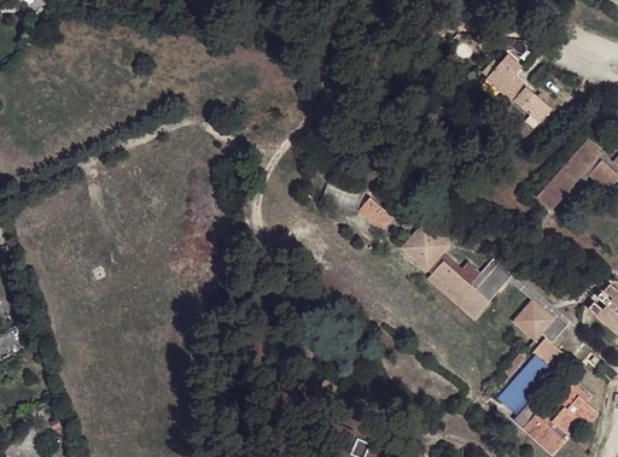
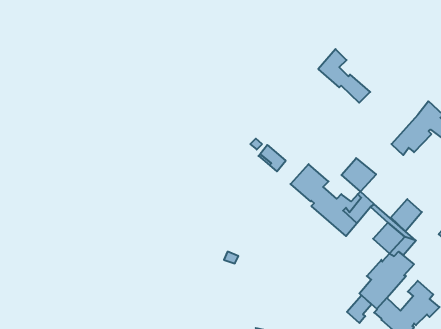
building: [486,59,555,130] -> [318,49,370,103]
building: none -> [341,158,376,191]
building: none -> [391,199,422,232]
building: none -> [347,295,372,323]

